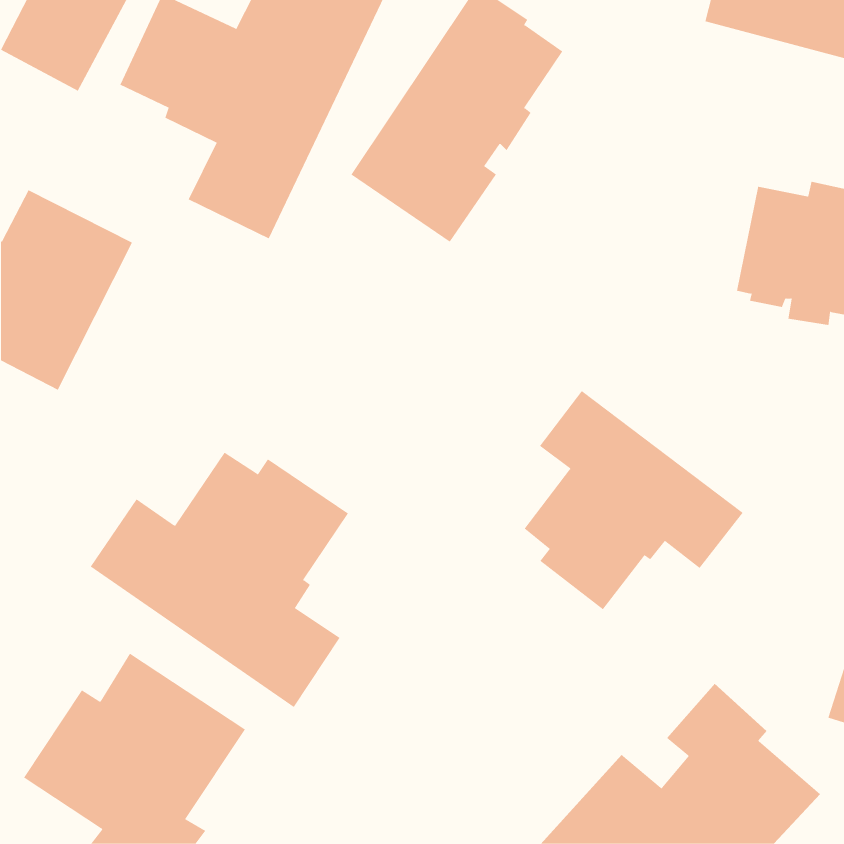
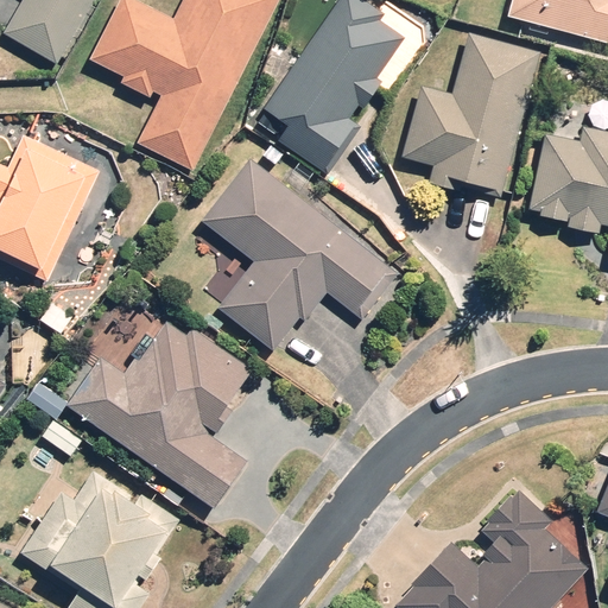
building: none -> [404,34,538,196]
building: none -> [202,159,397,350]
building: [524,390,744,610] -> none

